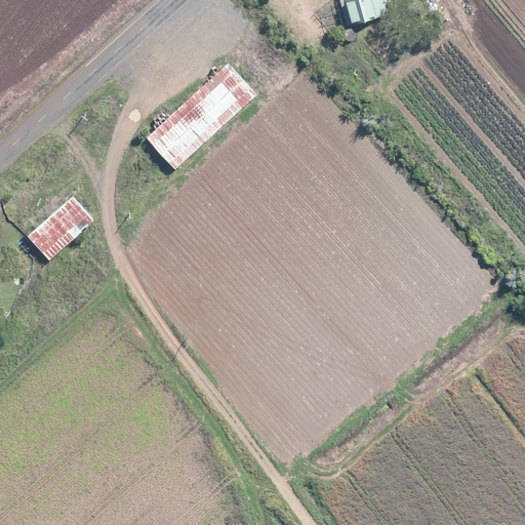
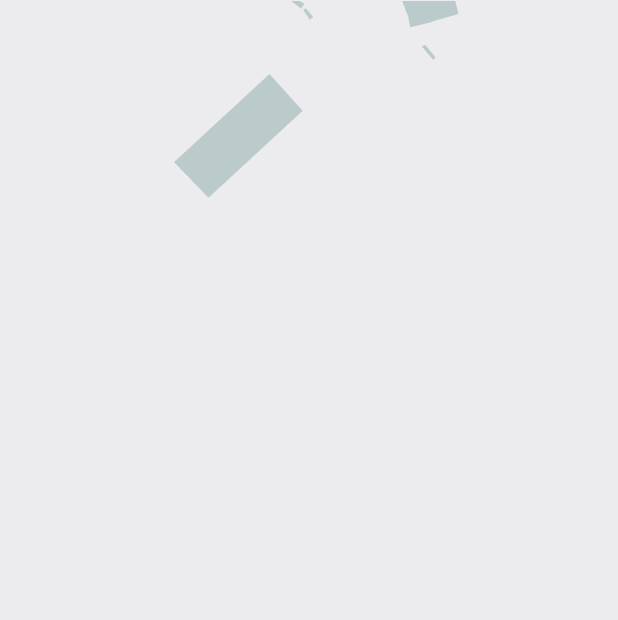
building: [28,197,93,259] -> none

